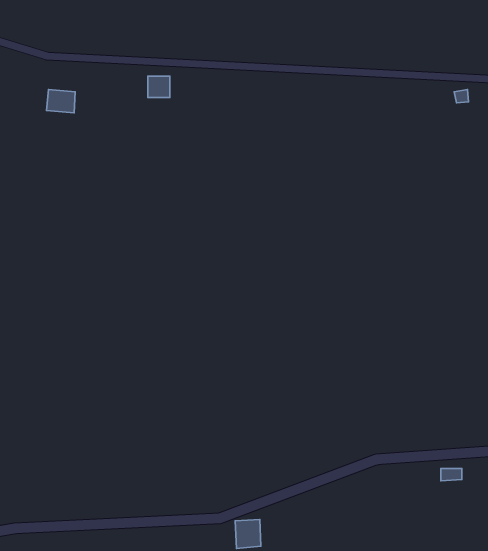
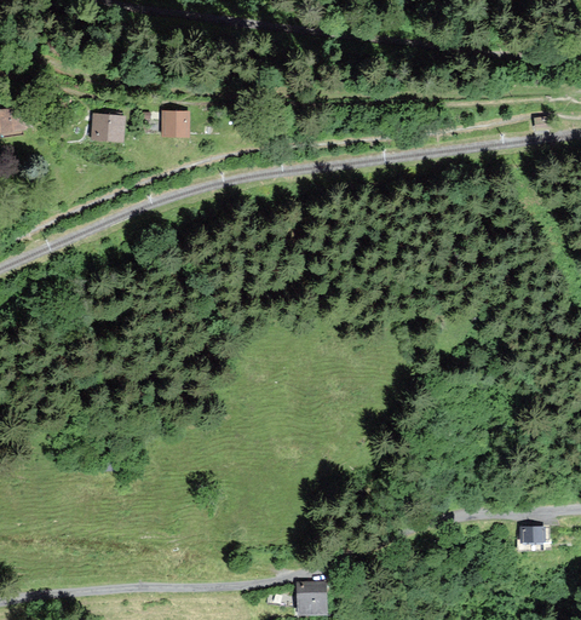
building: [148,76,170,97] -> [163,113,188,136]

